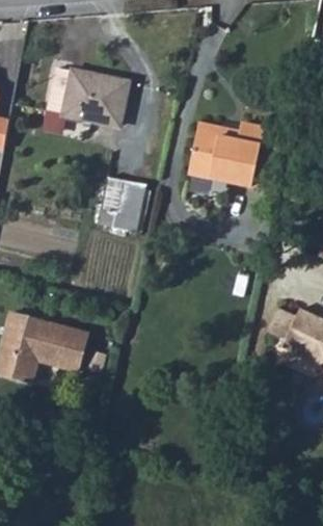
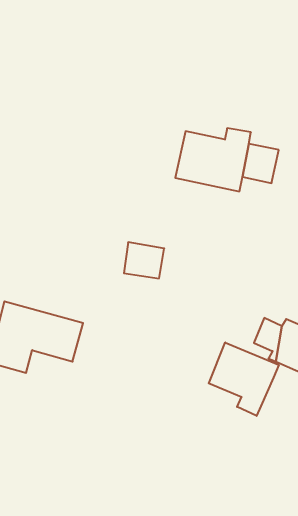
building: [55,77,134,133] -> none
building: [98,185,138,221] -> [124,242,164,278]
building: none -> [209,342,279,416]

